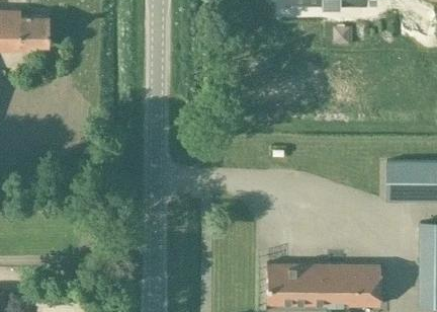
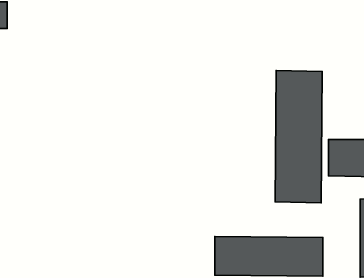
building: none -> [275,71,322,203]

